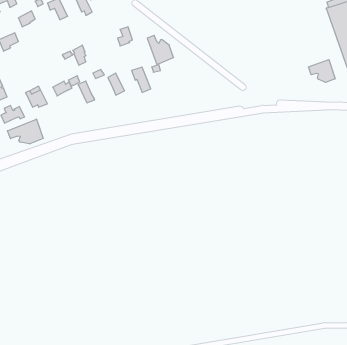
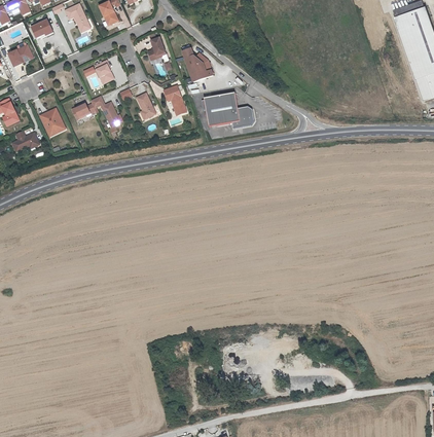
building: [309,60,335,82] -> none
building: none -> [201,93,254,128]
building: [7,119,43,144] -> none

